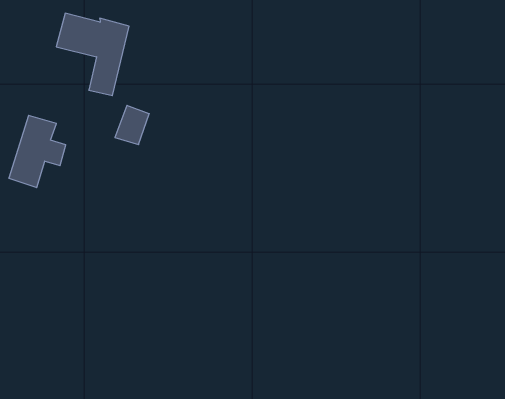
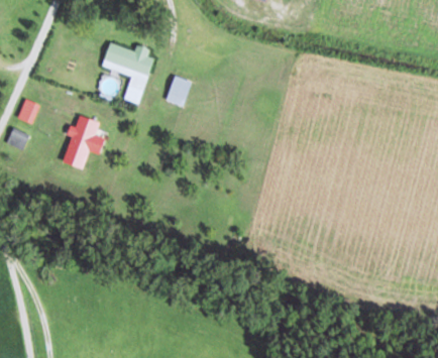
building: [115,105,149,145] -> [165,76,191,105]

